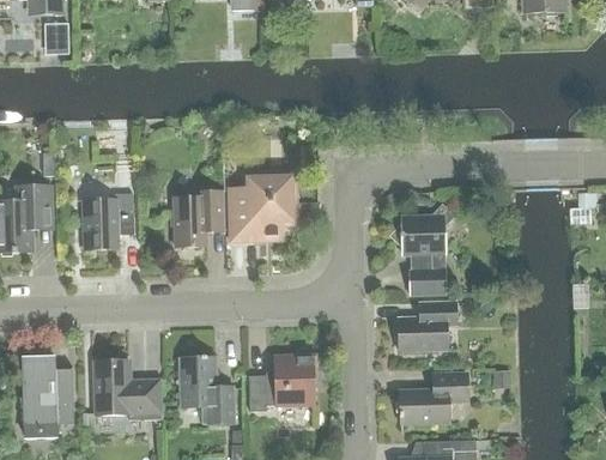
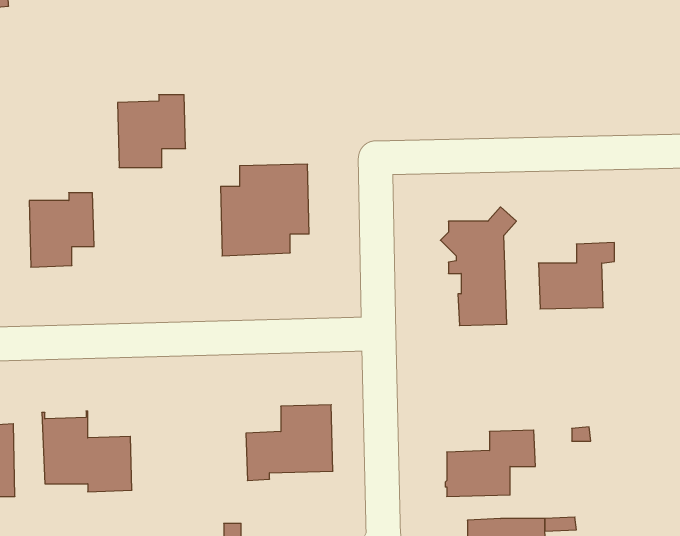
building: [172,192,224,247] -> [118,95,186,167]
building: [398,302,455,352] -> [538,243,614,309]
building: [175,356,234,424] -> none

